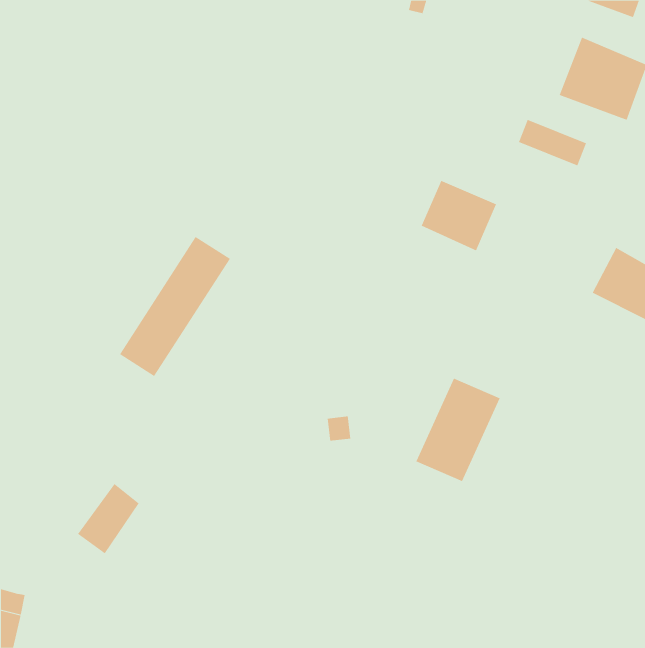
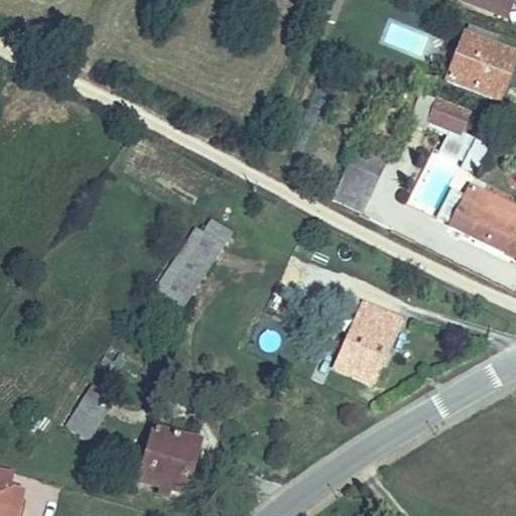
building: none -> [453,186,492,233]
building: [119,236,231,377] -> [144,213,233,325]
building: none -> [138,430,197,497]

